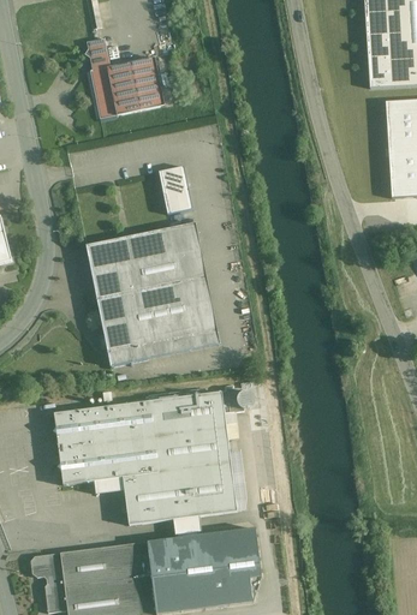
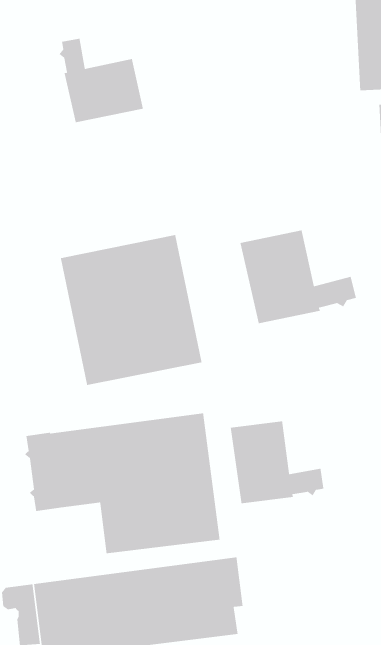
building: [160,166,192,213] -> none
building: none -> [239,230,357,324]
building: none -> [230,421,325,504]

